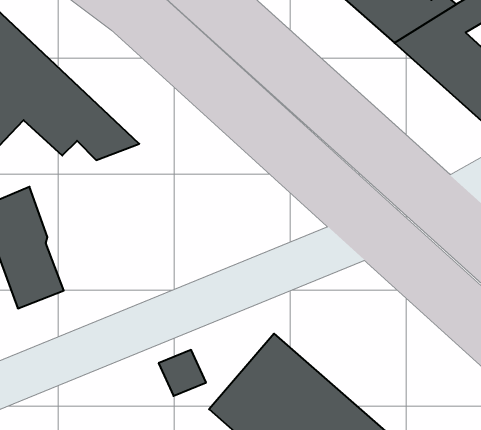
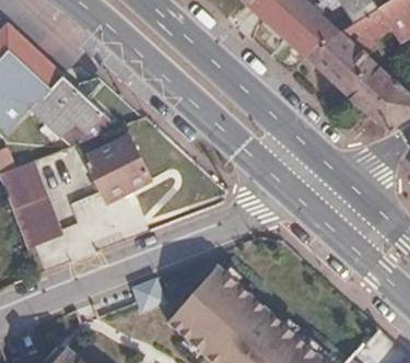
building: none -> [84,138,150,201]

